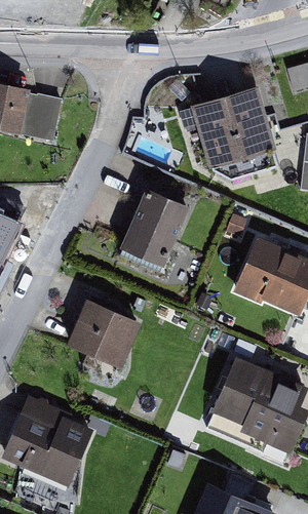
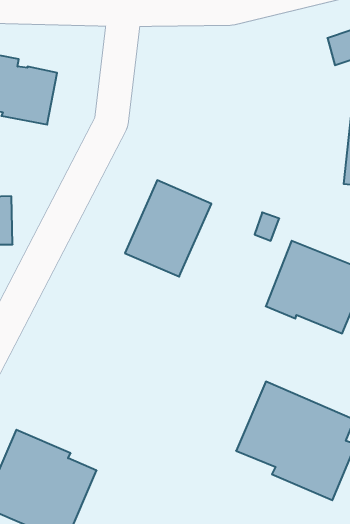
building: [190,85,278,181] -> none
building: [66,300,142,369] -> none

